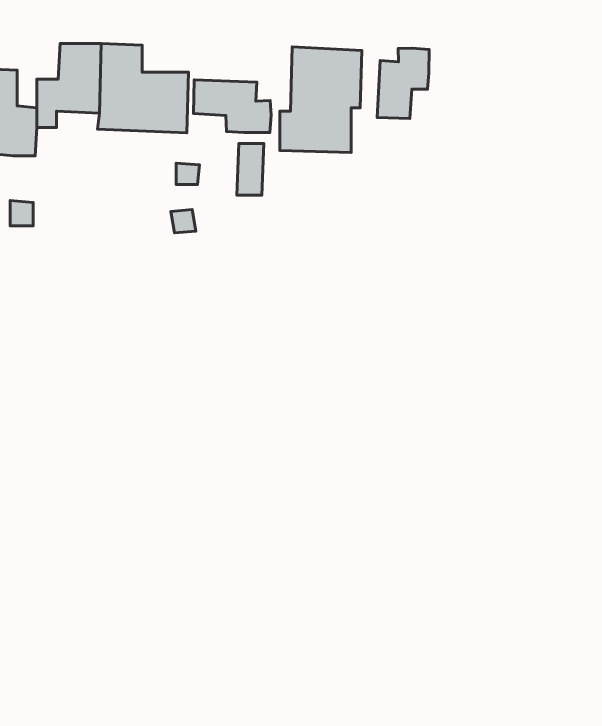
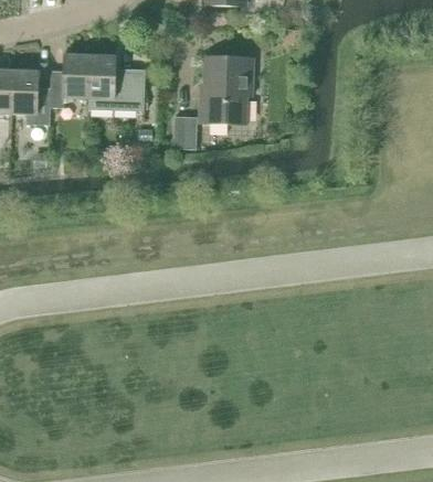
building: [377,48,429,119] -> none
building: [194,80,271,133] -> none

